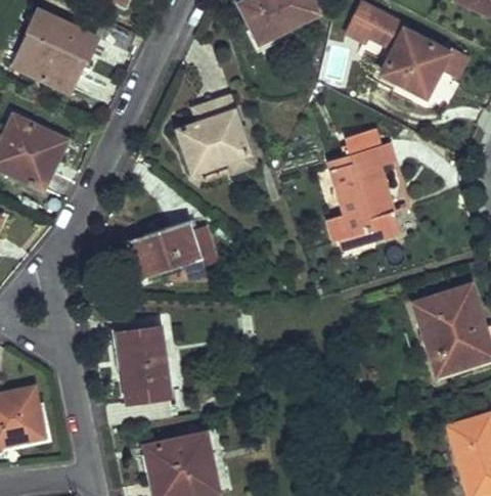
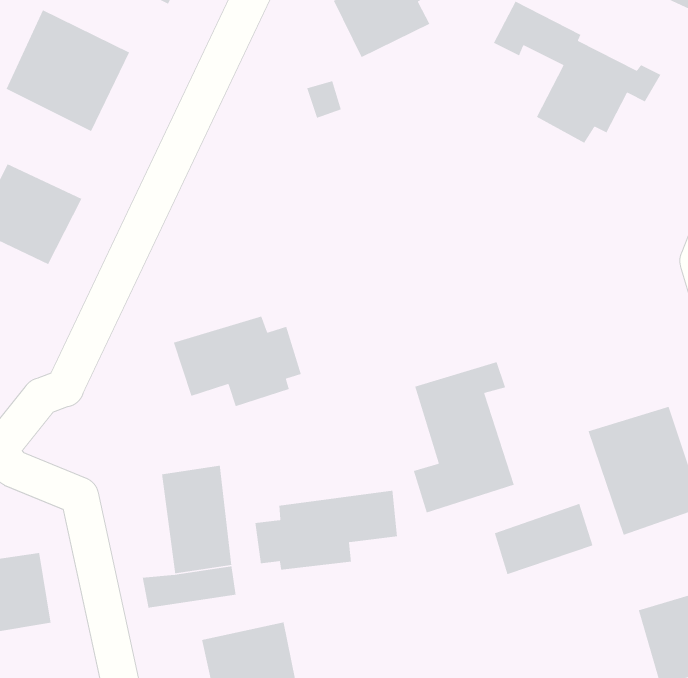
building: [180,96,251,169] -> none
building: [329,144,400,250] -> [413,361,515,513]
building: none -> [254,490,398,571]
building: none -> [494,503,593,575]

